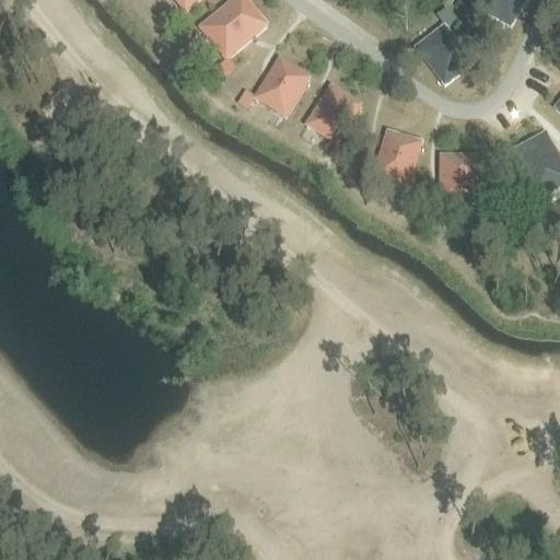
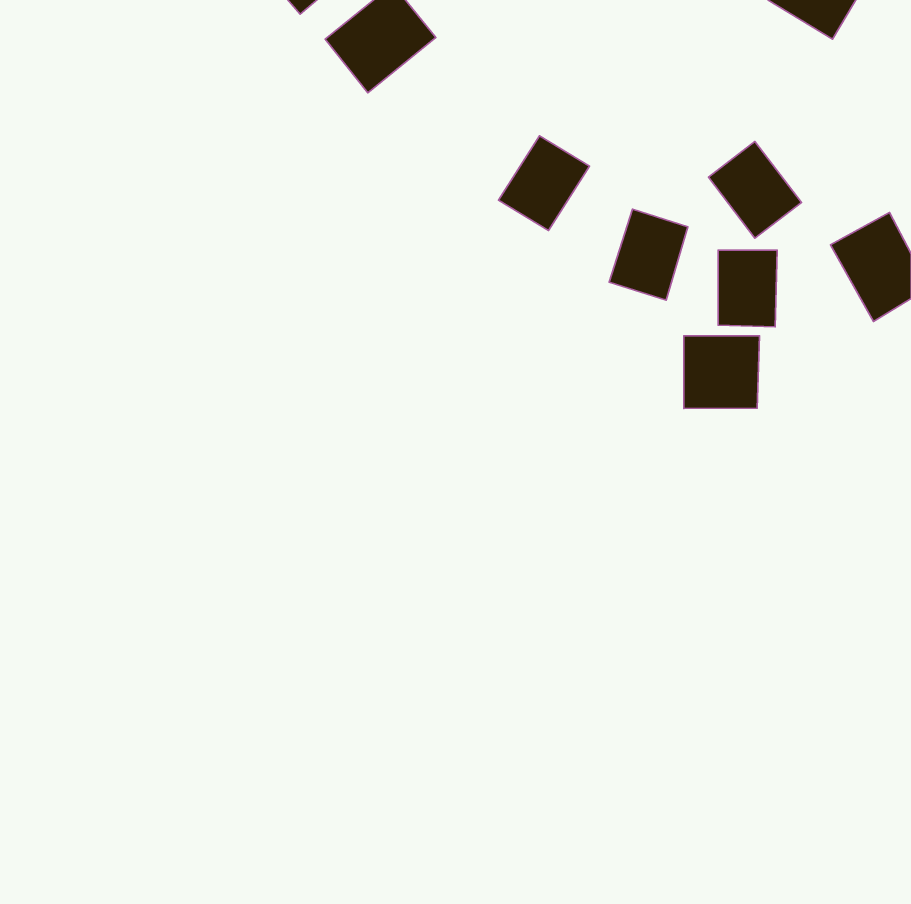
building: [416,23,472,82] -> [709,142,801,238]
building: [255,56,310,115] -> none
building: none -> [684,336,759,409]

